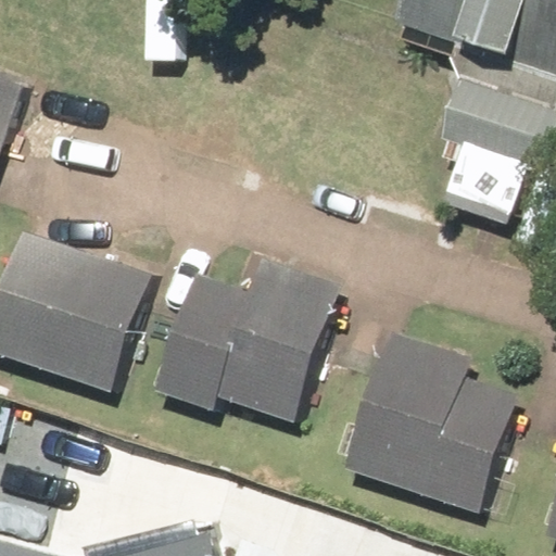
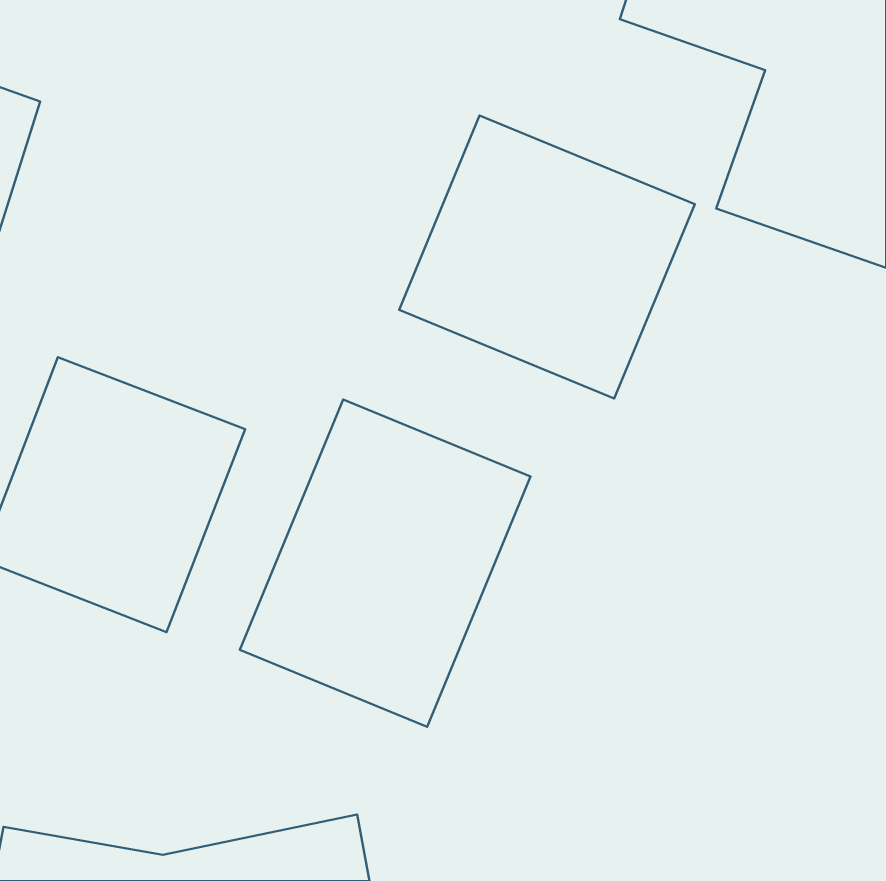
building: none -> [399,115,695,399]
building: [317,334,530,523] -> none

